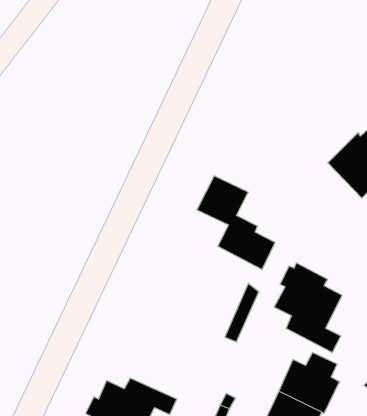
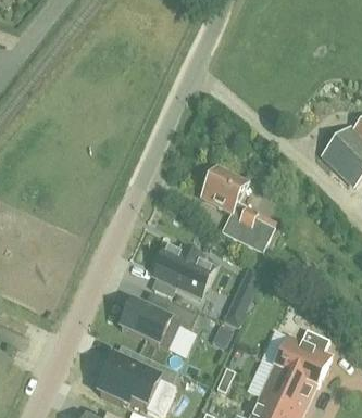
building: none -> [151,243,213,296]
building: [274,263,342,353] -> none
building: none -> [126,303,203,352]

